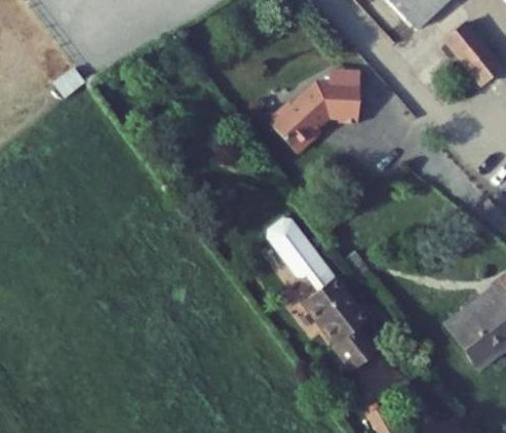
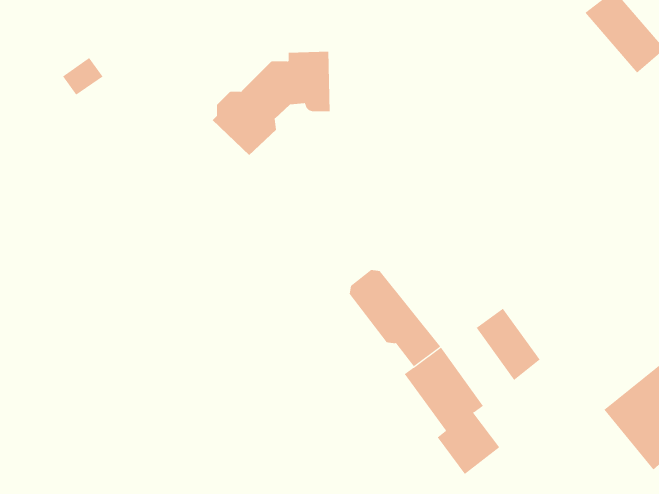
building: [272,72,360,150] -> [212,51,331,156]
building: none -> [476,308,540,381]

